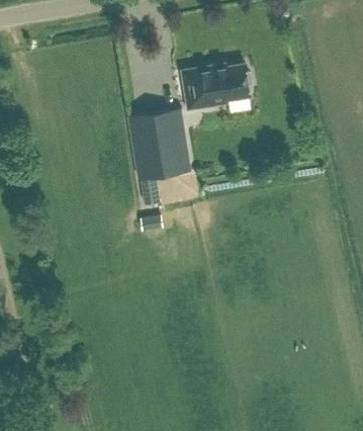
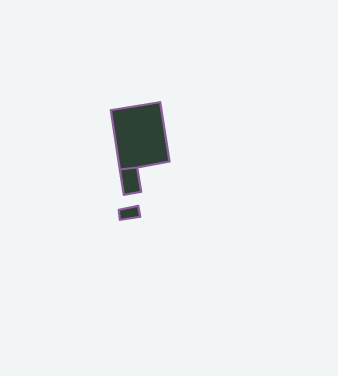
building: [182,66,252,110] -> none

